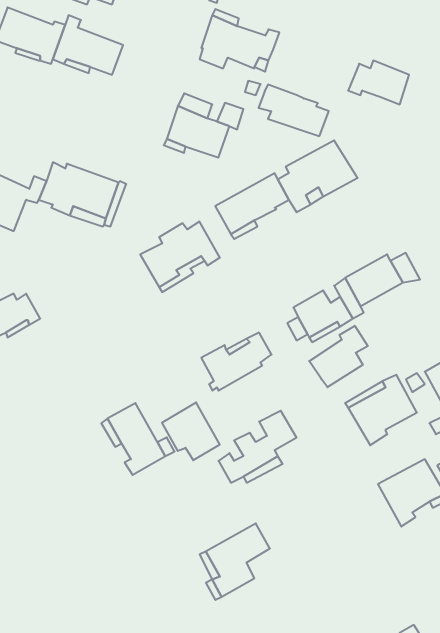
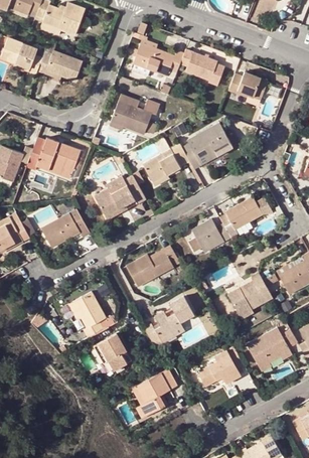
building: [259,85,329,136] -> [179,49,224,83]
building: none -> [41,208,91,249]
building: [309,326,368,387] -> none
building: [162,402,220,460] -> [94,333,131,370]
building: none -> [196,346,244,387]

